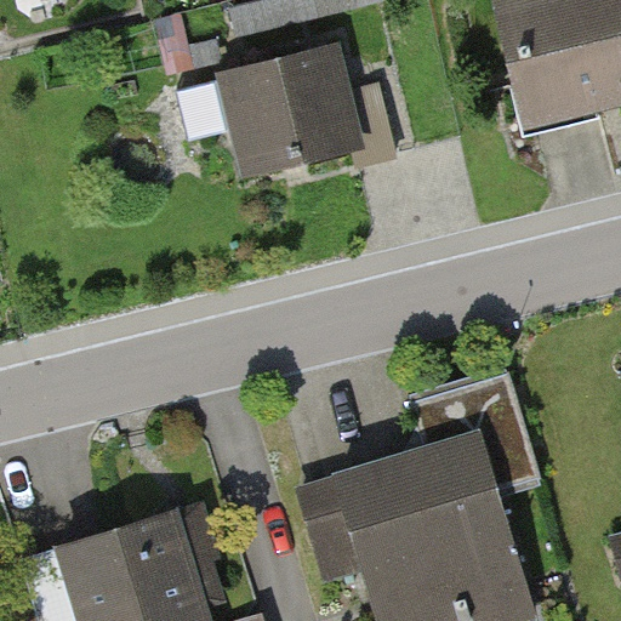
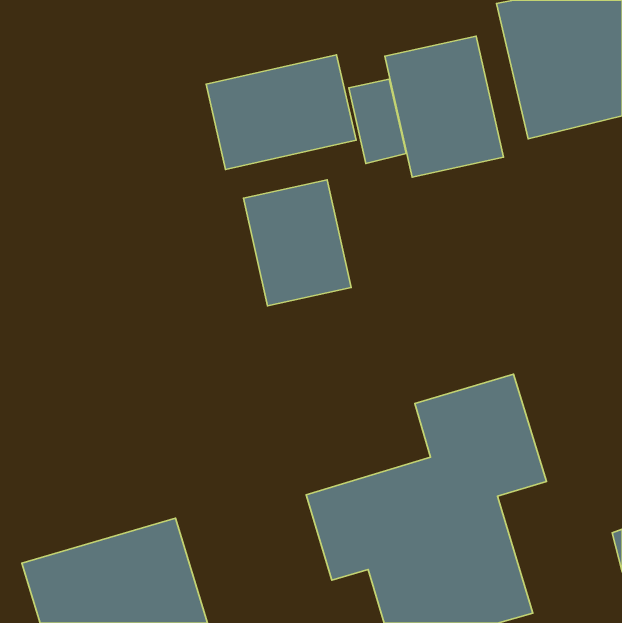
building: none -> [385,36,503,177]
building: none -> [243,180,351,306]

